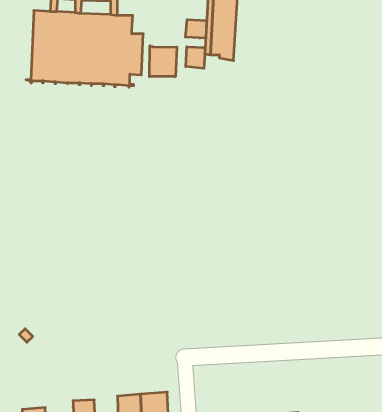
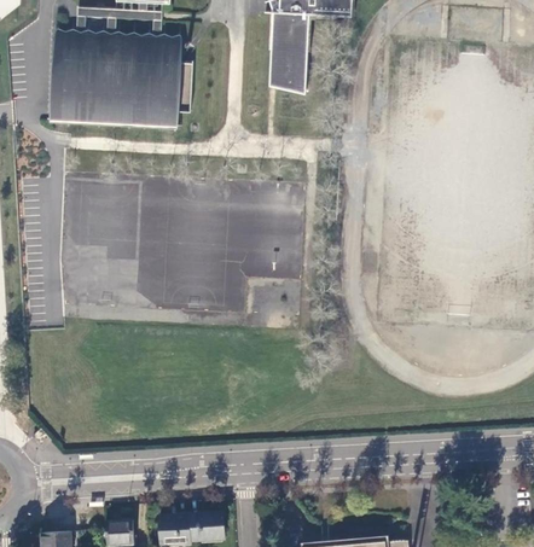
building: [185,20,206,38] -> none
building: [149,46,177,77] -> none
building: [186,47,205,68] -> none

